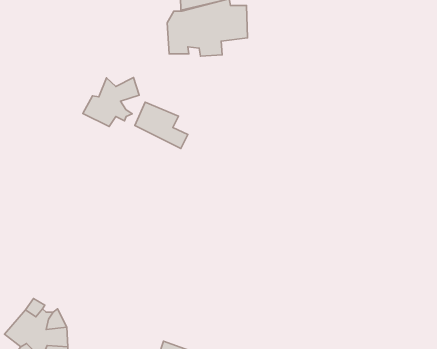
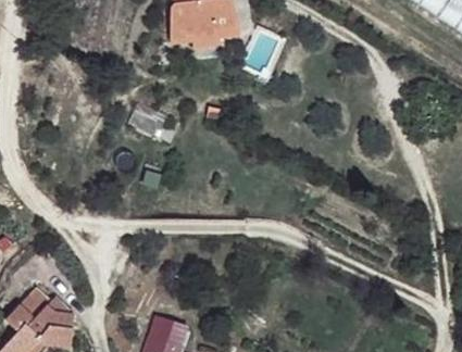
building: [83,78,139,127] -> none

